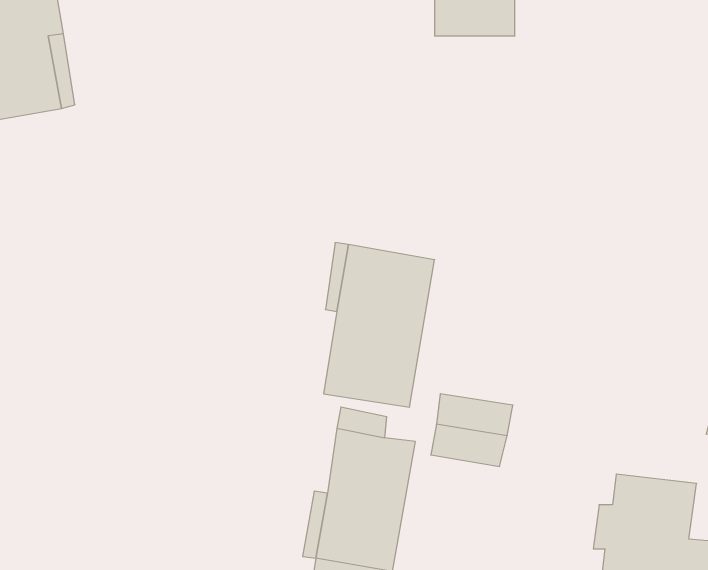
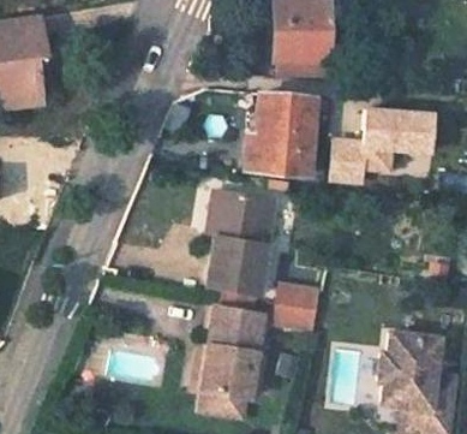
building: none -> [245,95,316,171]
building: none -> [325,102,433,183]

